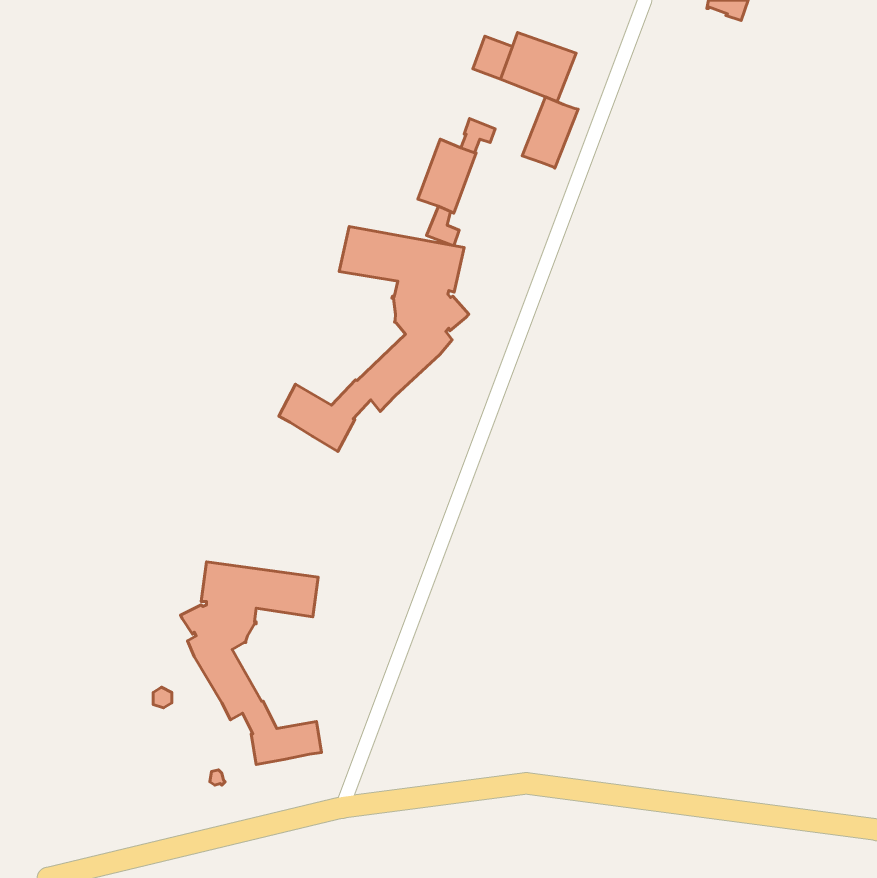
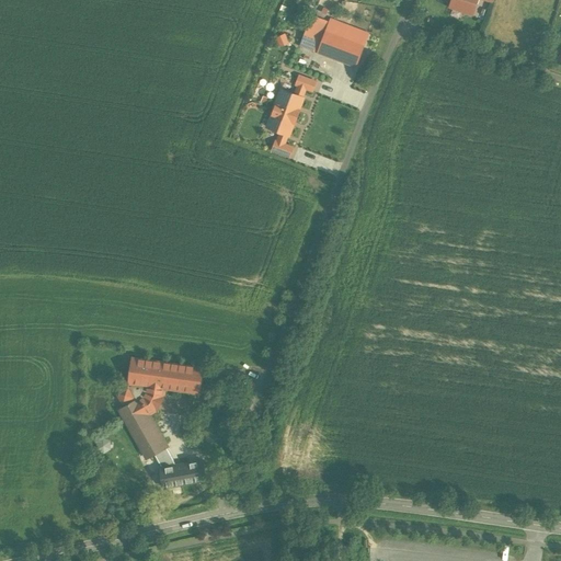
building: [522,97,578,168] -> none
building: [279,227,469,451] -> none

